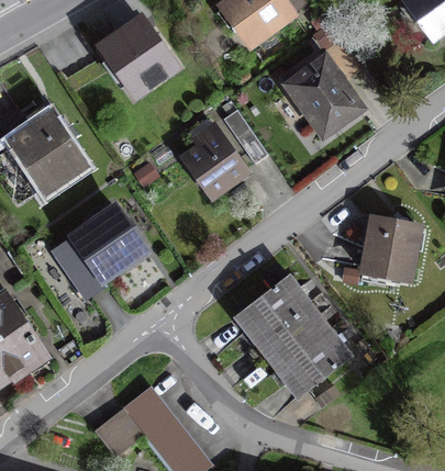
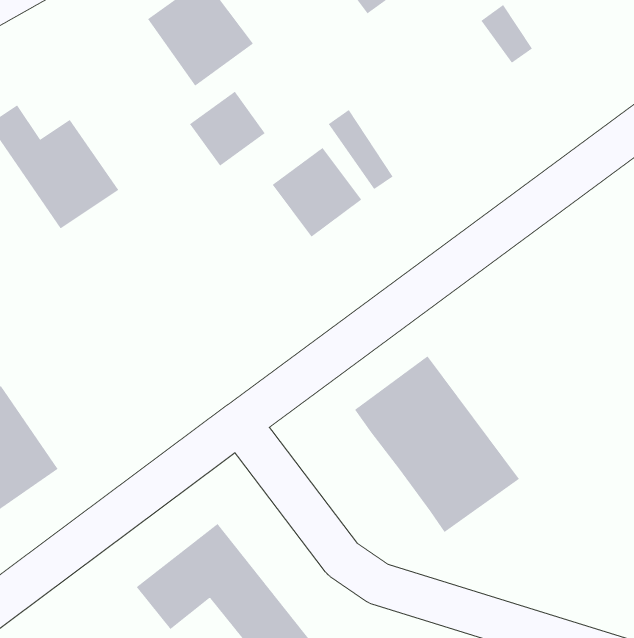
building: [287,59,358,134] -> none
building: none -> [189,91,265,167]
building: [54,211,140,290] -> none
building: [361,220,416,279] -> none

